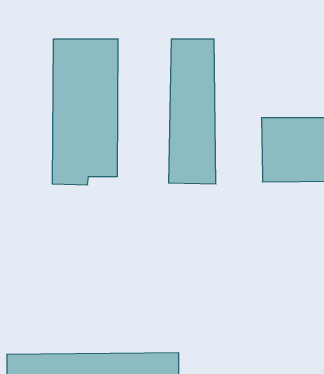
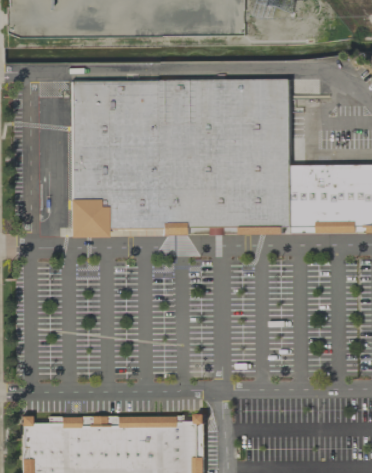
building: none -> [139,81,197,236]
building: none -> [243,81,295,237]

